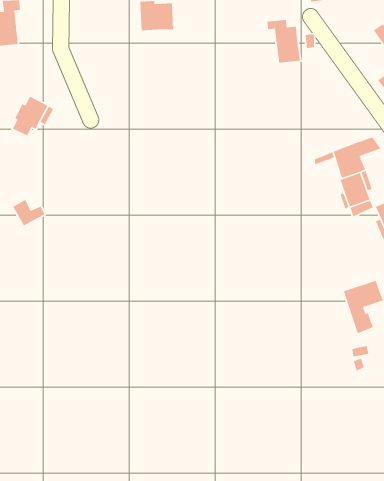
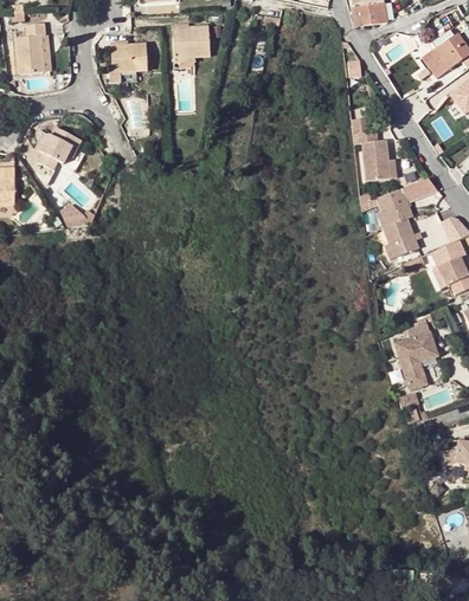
building: none -> [111,46,147,73]
building: [266,19,301,63] -> [351,124,387,172]
building: [12,199,46,227] -> [59,203,95,233]

